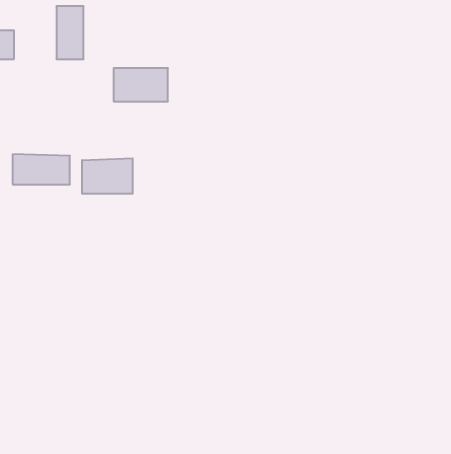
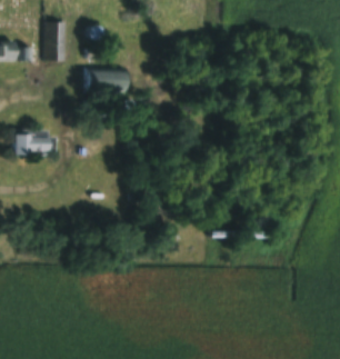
building: [82,158,133,194] -> none

